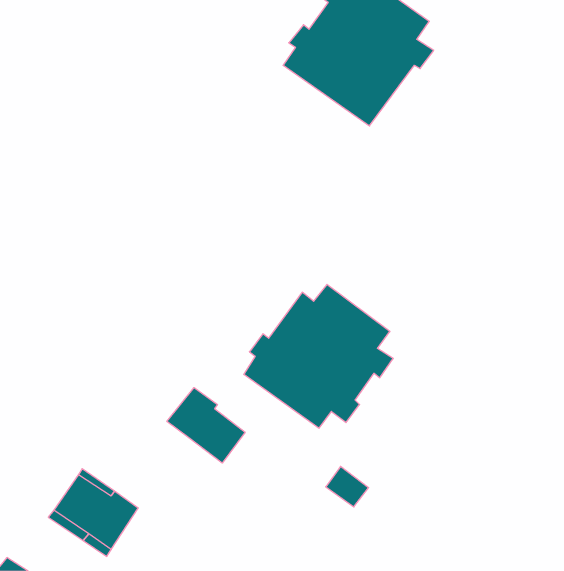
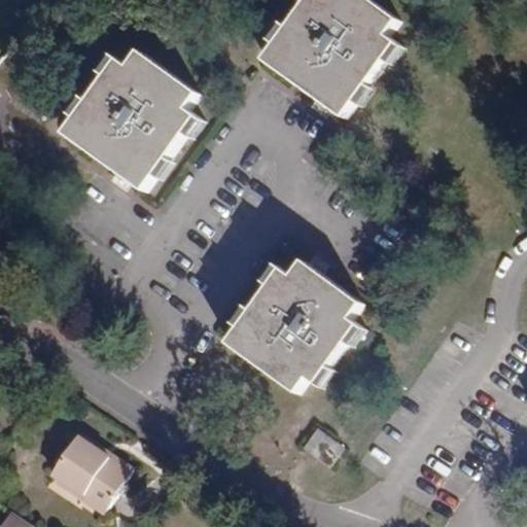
building: none -> [60,49,199,189]
building: [167,388,245,463] -> none

